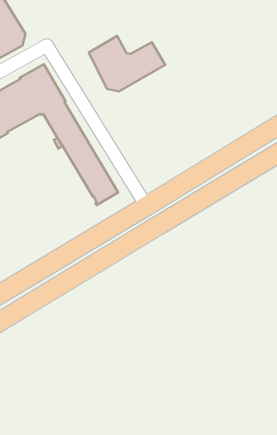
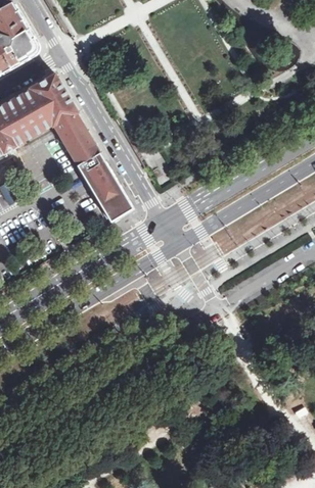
building: [89,36,165,91] -> none

